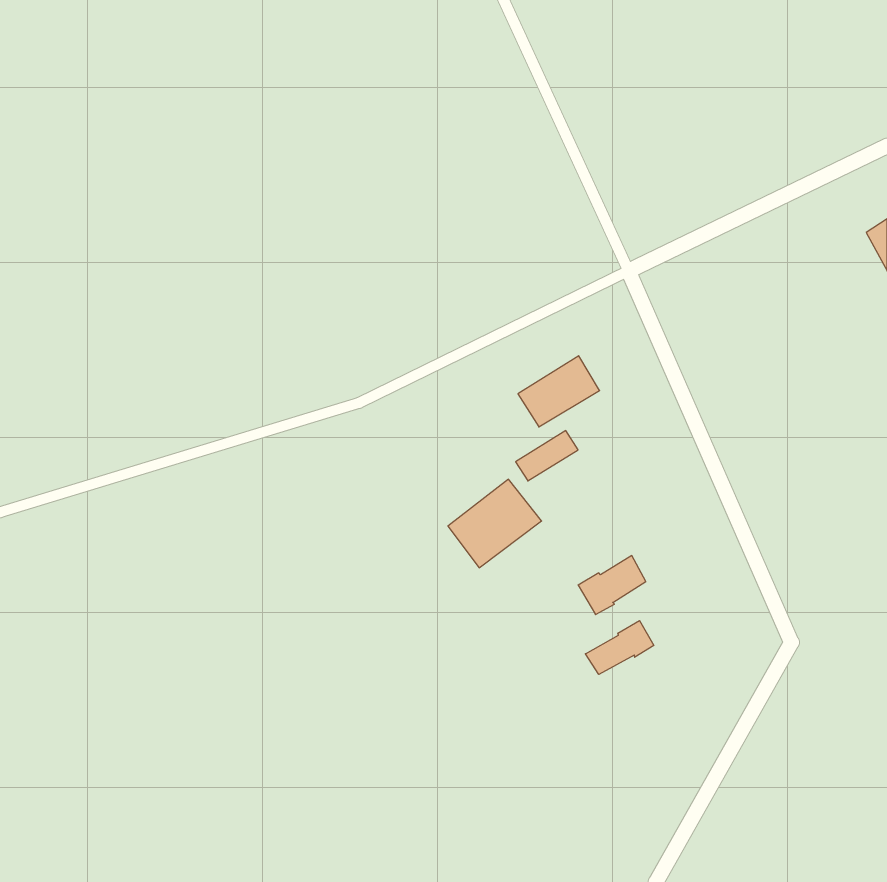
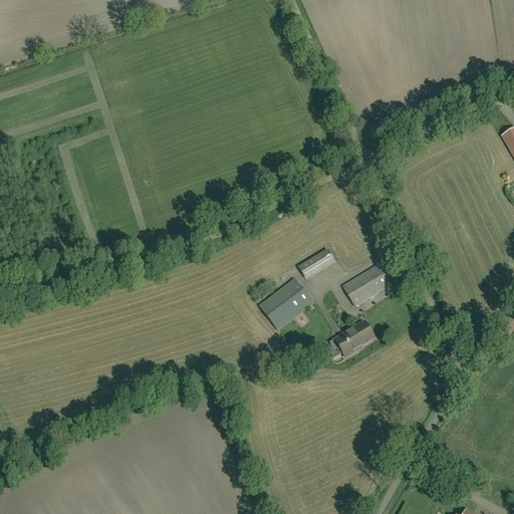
building: [518,356,600,427] -> [342,264,390,305]
building: [585,621,654,674] -> none

